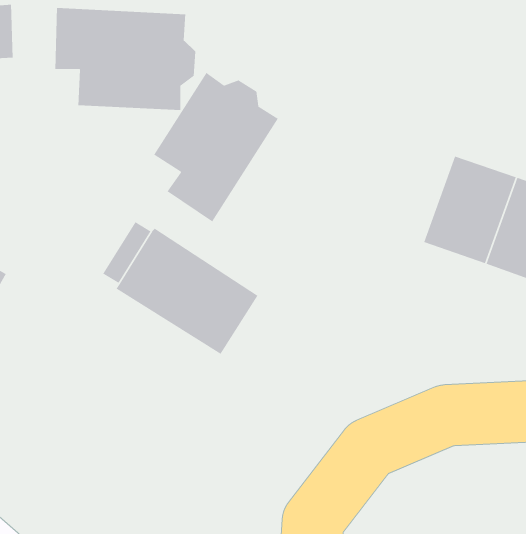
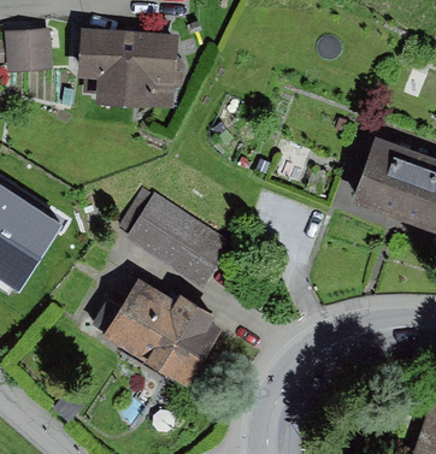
building: [153,72,279,223] -> none
building: none -> [104,278,220,384]

